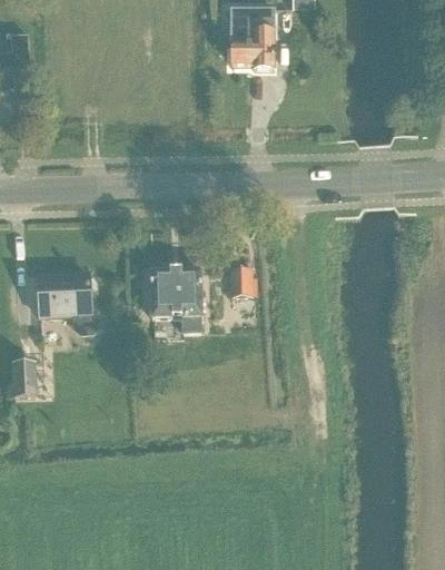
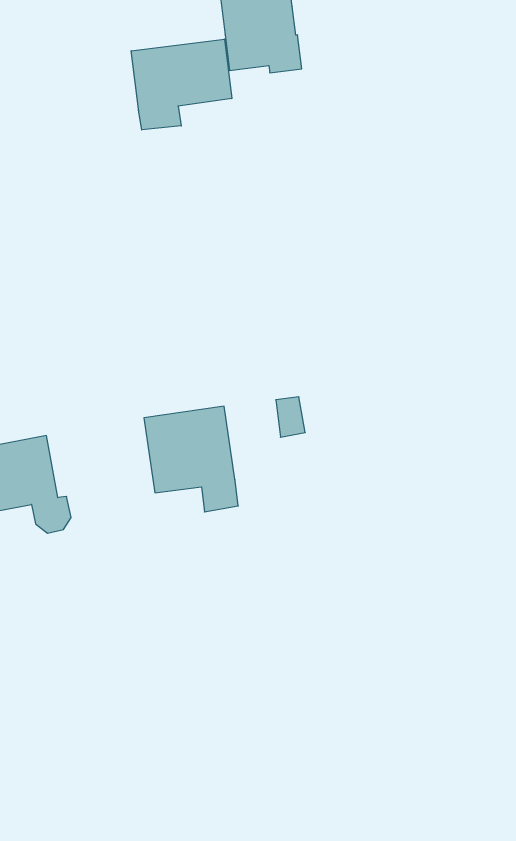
building: none -> [131,39,232,130]

